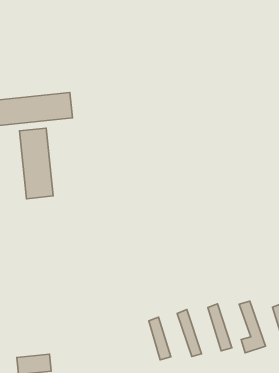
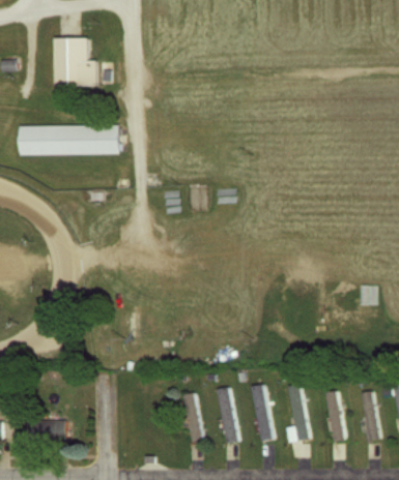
building: none -> [54,38,112,87]
building: [20,128,53,199] -> none

